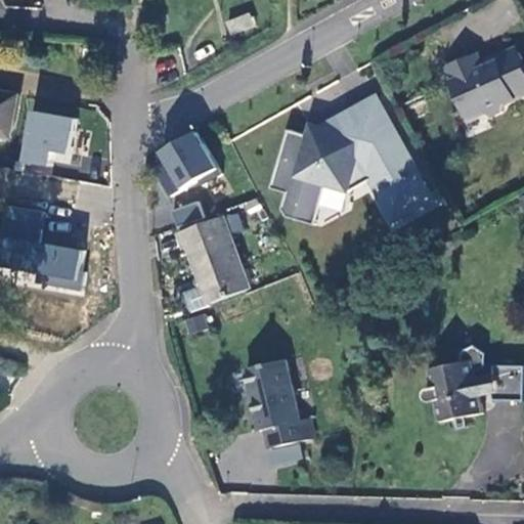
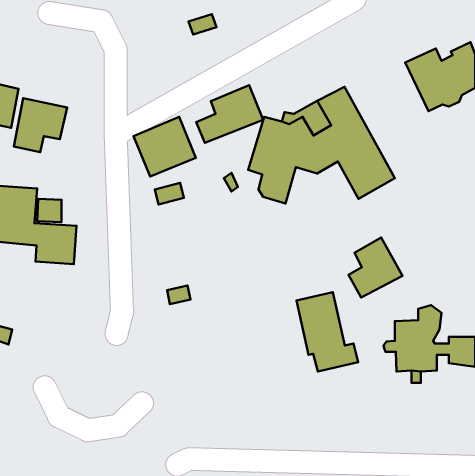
building: none -> [196,85,263,143]
building: [177,218,246,303] -> none
building: none -> [348,238,402,298]
building: [248,362,315,449] -> [296,292,358,371]

